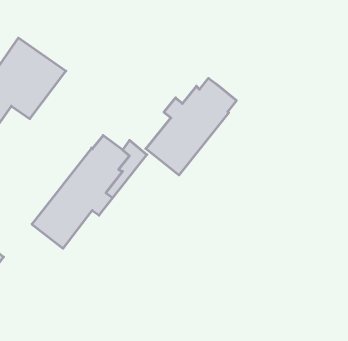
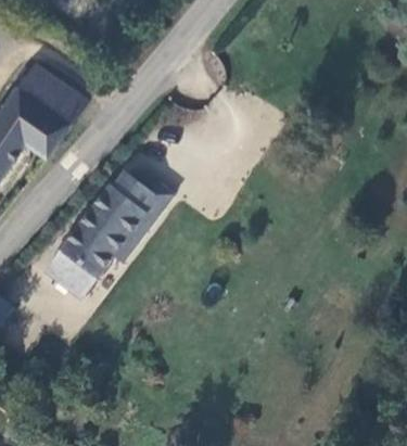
building: [146,78,236,175] -> none

